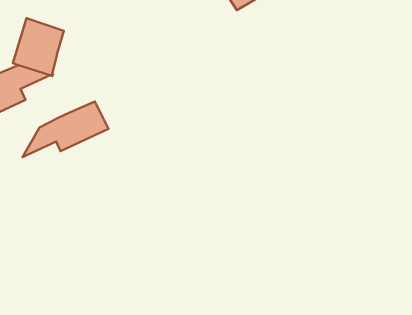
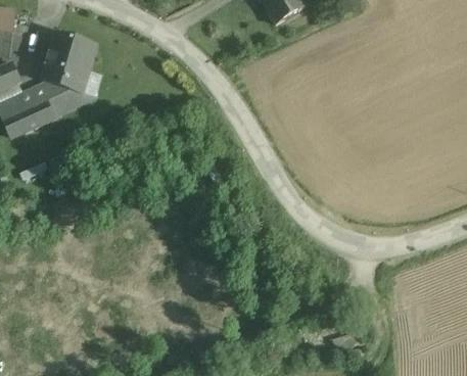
building: [23,101,109,157] -> none

